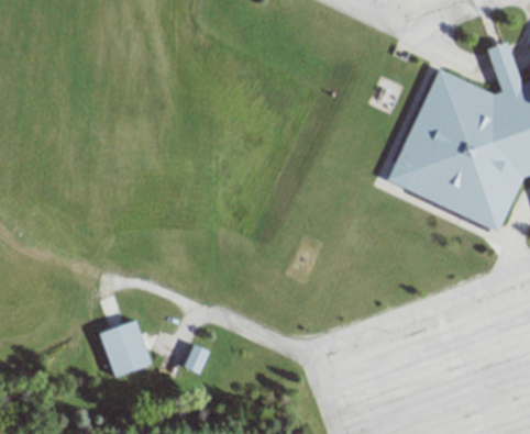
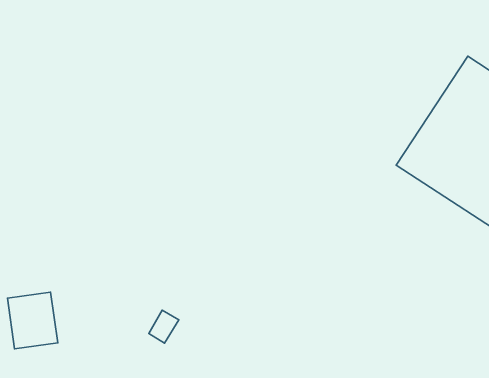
building: [100,321,152,377] -> [7,292,58,349]

